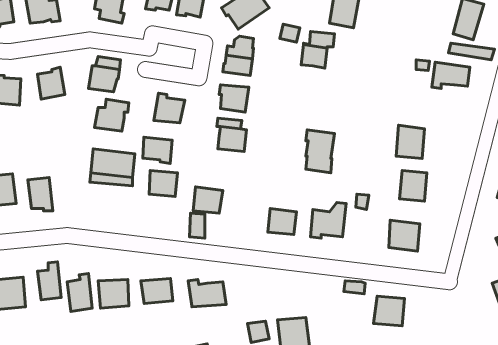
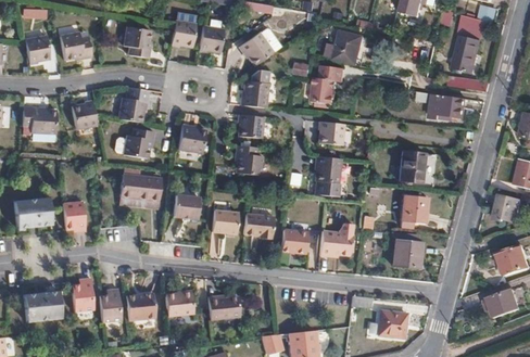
building: none -> [316,122,342,146]
building: [143,137,172,163] -> none
building: none -> [243,214,275,239]

